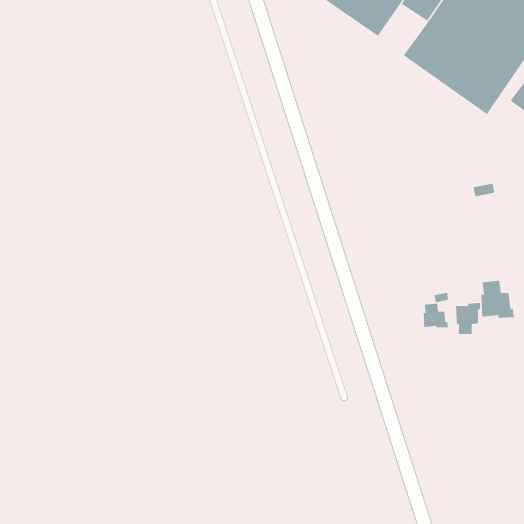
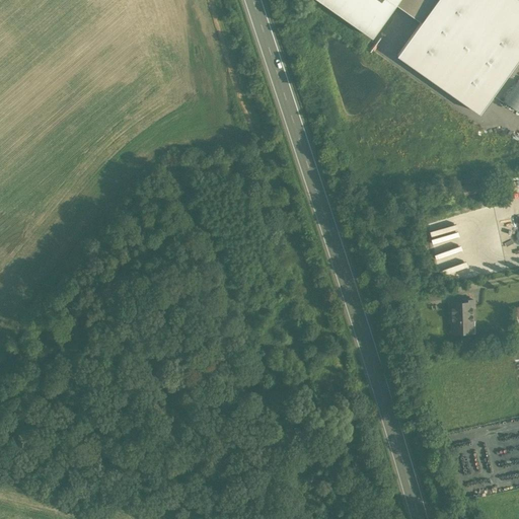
building: [480,280,515,318] -> none
building: [423,303,449,328] -> none

